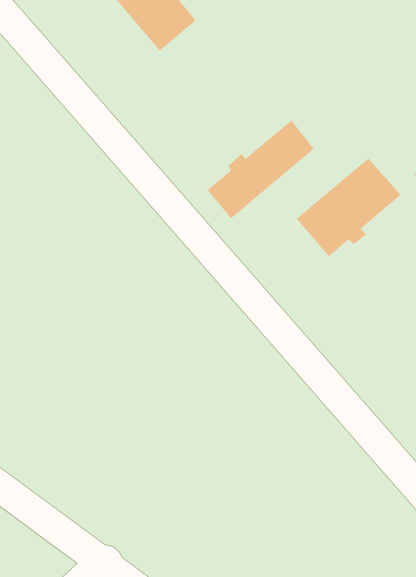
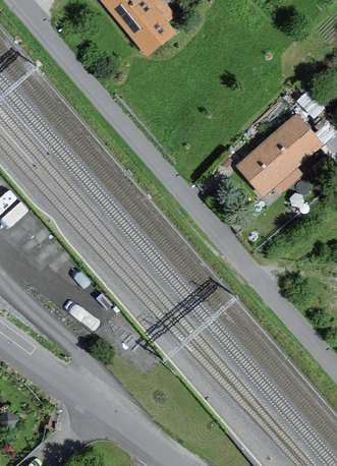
building: [207,119,315,219] -> none

